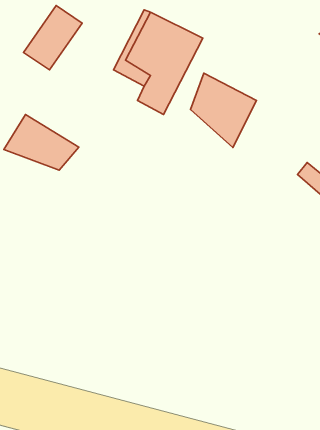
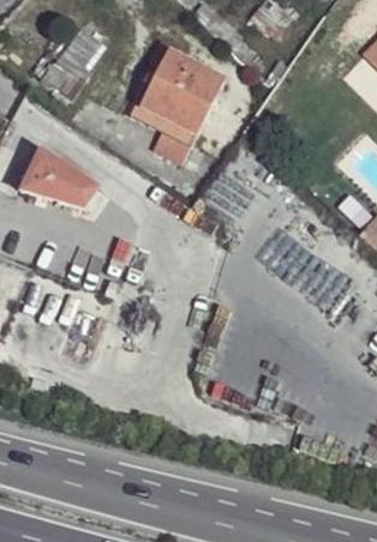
building: [190,73,257,148] -> none

